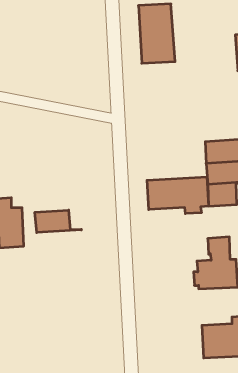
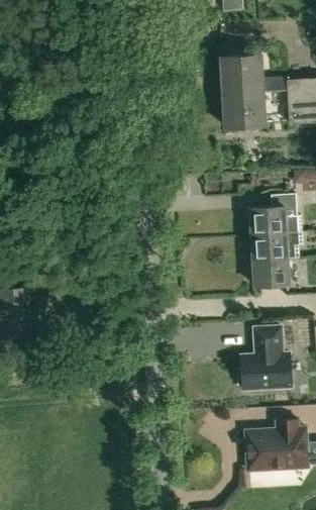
building: [138,4,175,63] -> [221,56,266,127]
building: [147,177,209,214] -> none
building: [35,210,81,233] -> none

